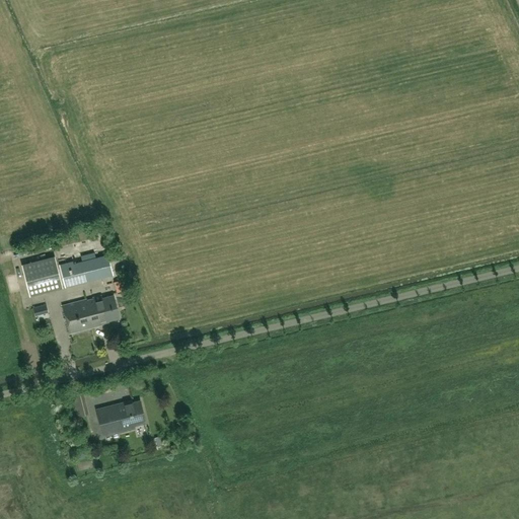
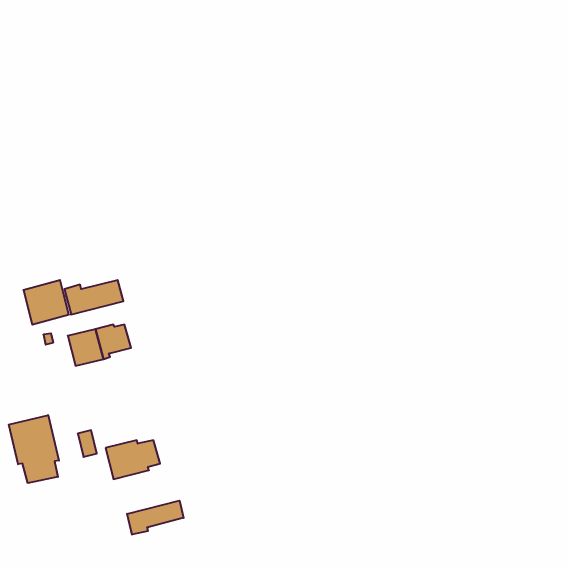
building: none -> [9,415,59,483]
building: none -> [127,501,184,535]

